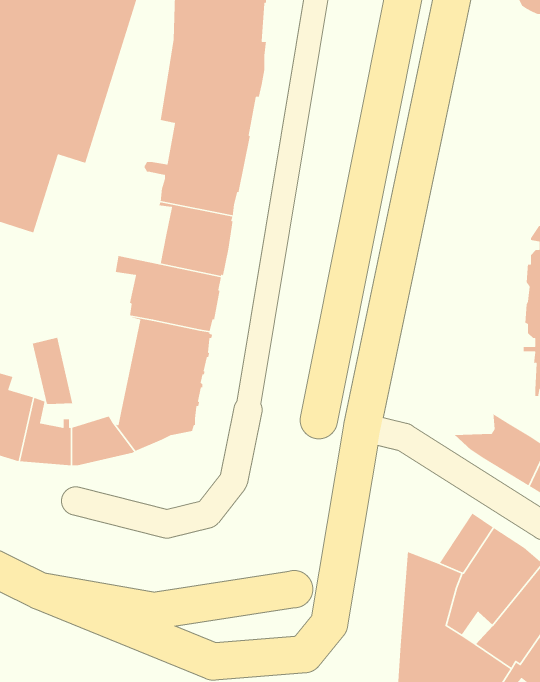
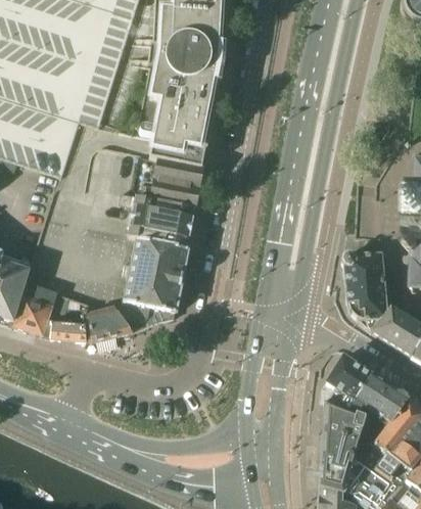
building: [32,337,73,405] -> none
building: none -> [341,247,386,313]
building: none -> [326,350,371,404]

